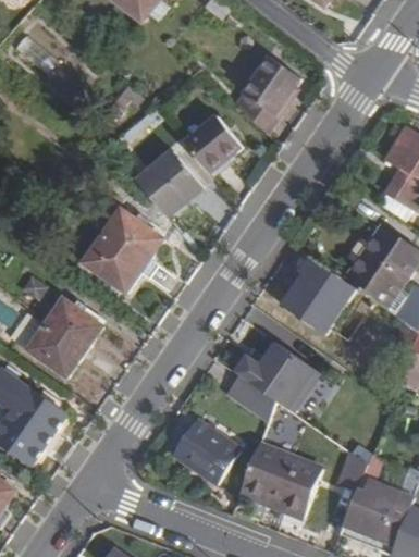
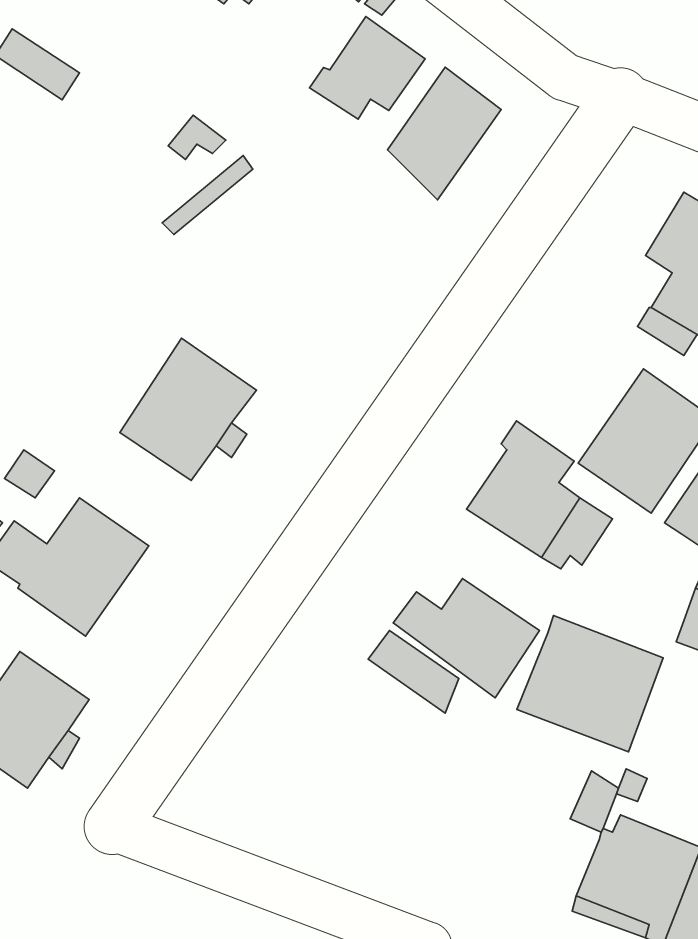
building: none -> [310,17,425,119]
building: [184,114,242,172] -> none
building: [137,149,204,215] -> none
building: [173,418,239,482] -> none
building: [239,440,322,517] -> [517,615,663,752]

